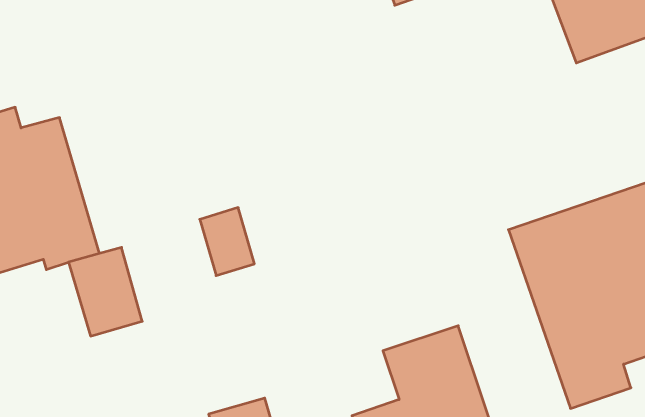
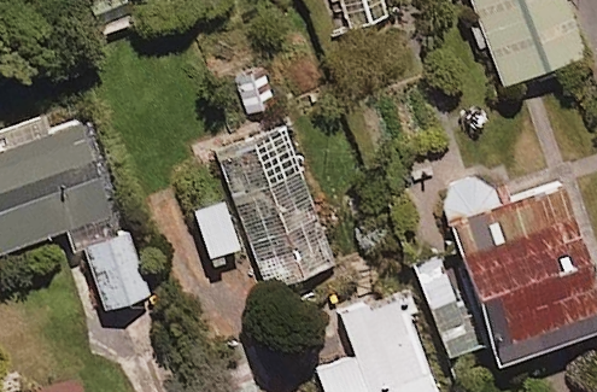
building: none -> [222,133,335,289]

